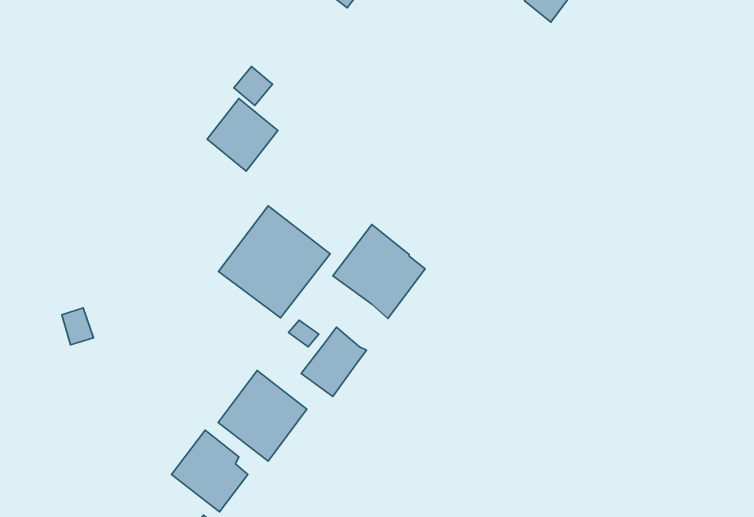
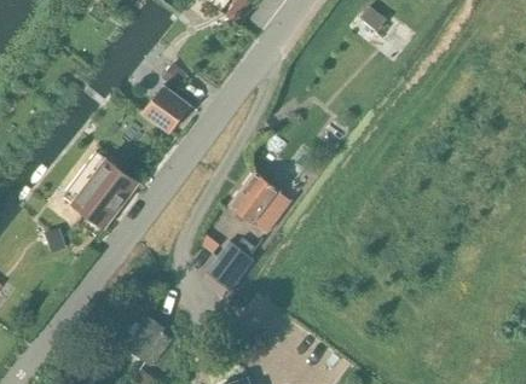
building: [218,206,330,318] -> [62,151,138,227]
building: [218,370,307,461] -> none

